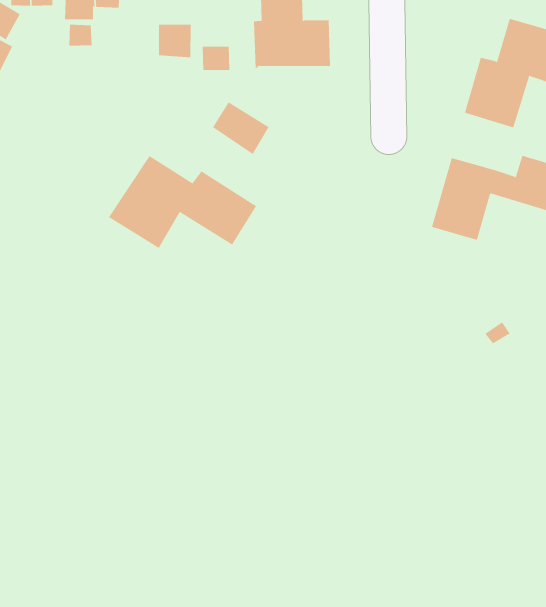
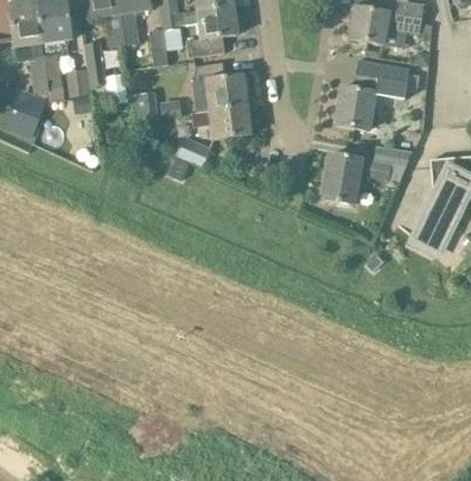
building: none -> [197,103,249,138]
building: [108,155,257,249] -> none

